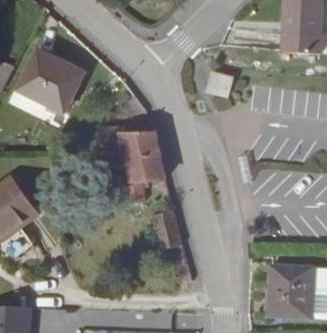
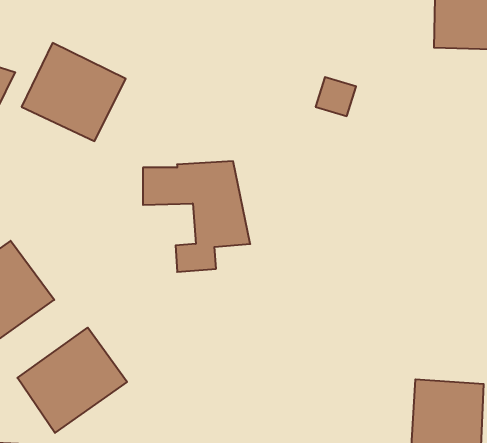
building: [151,210,181,250] -> none
building: none -> [17,328,127,433]

